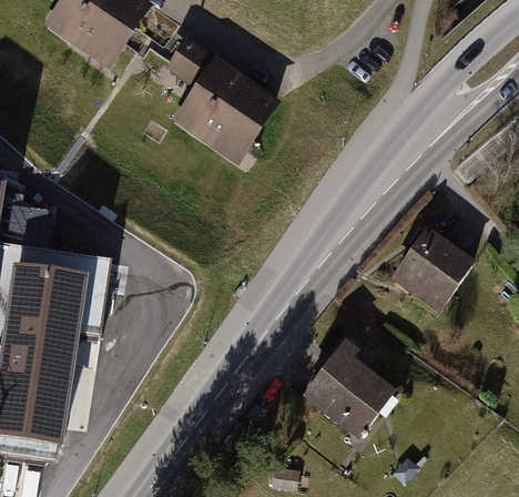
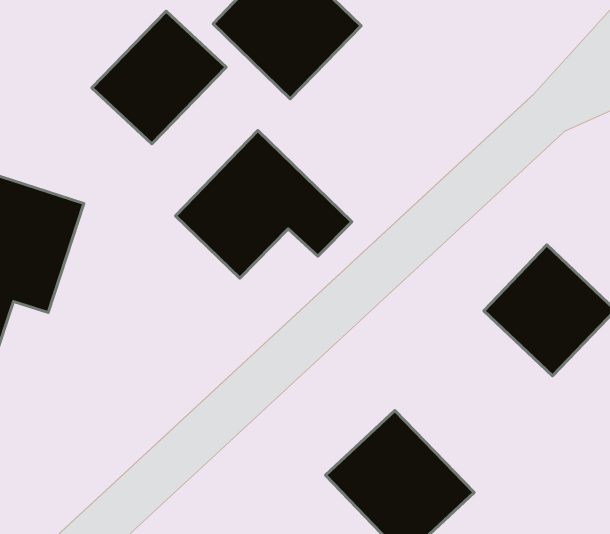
building: none -> [92,11,226,144]
building: none -> [176,131,352,278]

